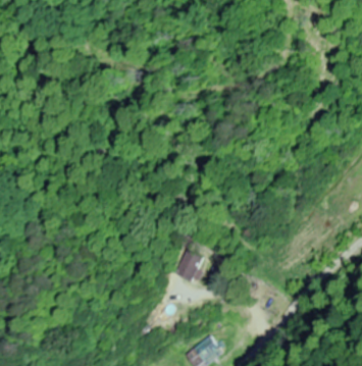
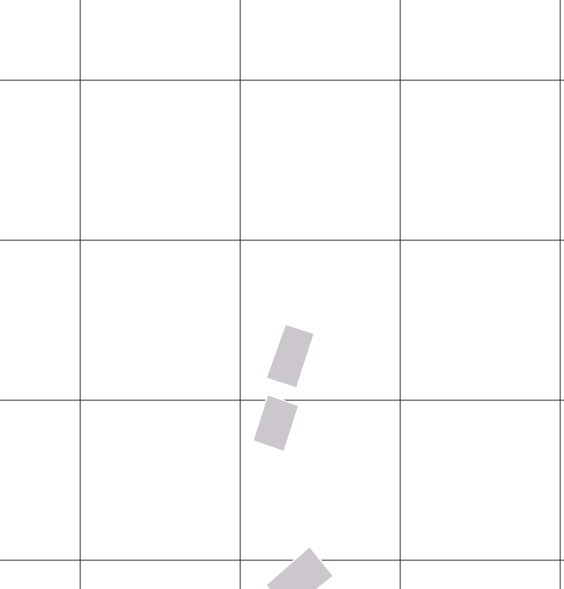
building: none -> [266,324,314,388]

